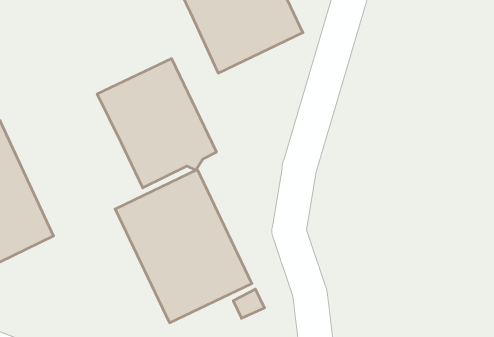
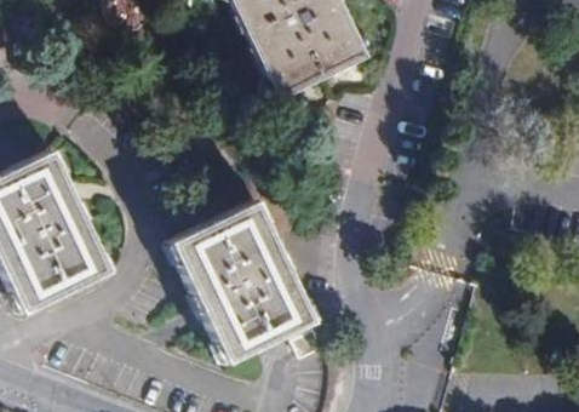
building: [97,59,216,188] -> none

